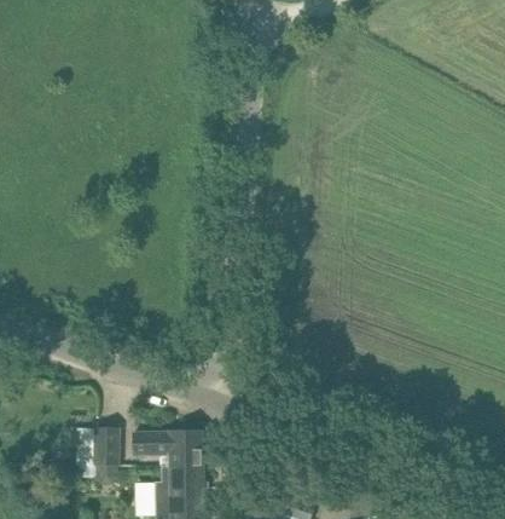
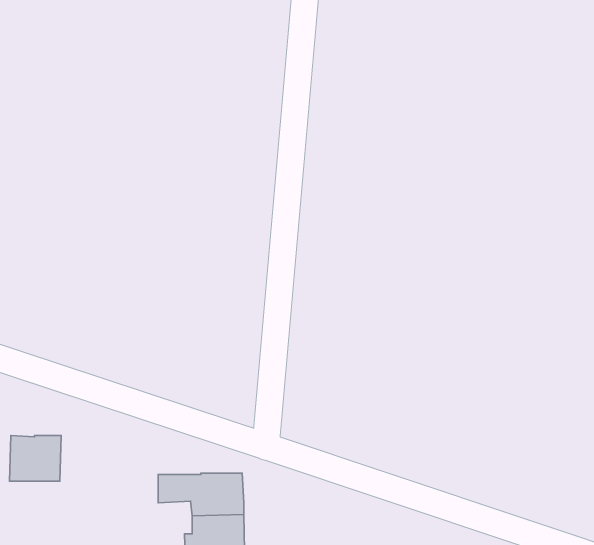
building: [76,428,118,466] -> [9,435,61,481]

